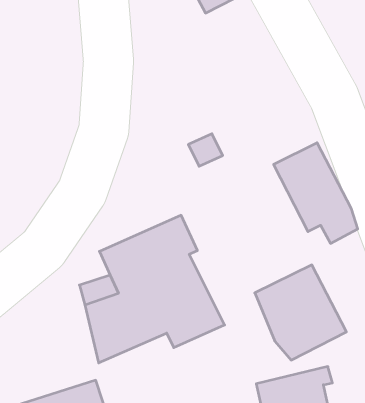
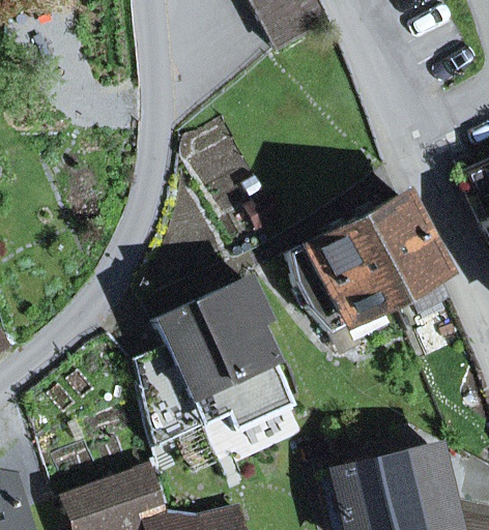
building: [255,265,346,360] -> [292,220,397,329]

